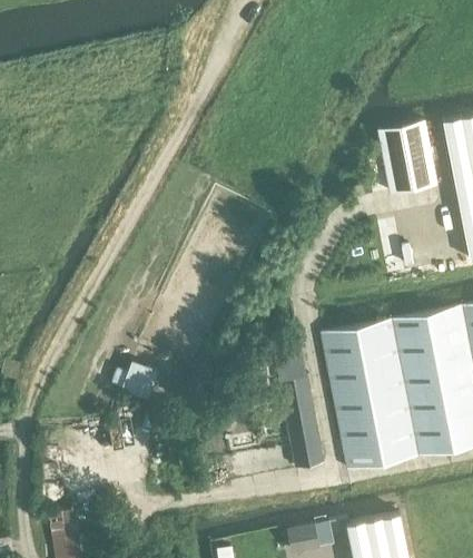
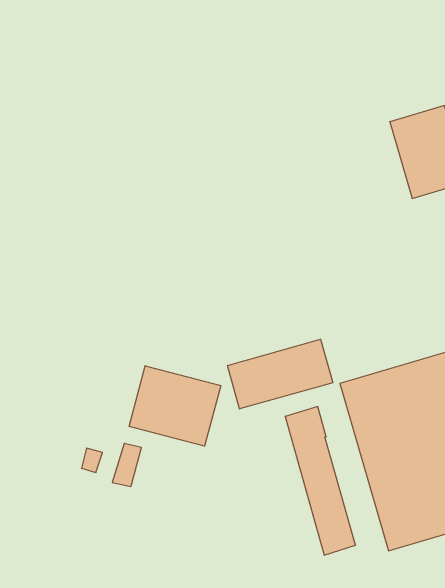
building: none -> [228,339,333,409]
building: none -> [129,366,221,446]

